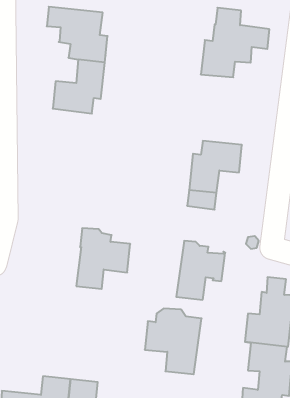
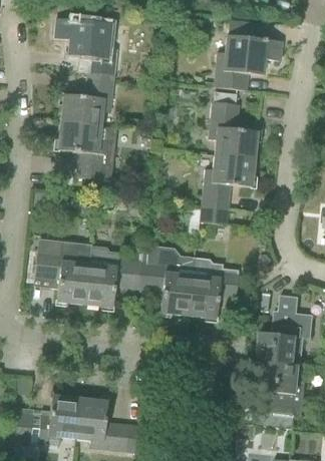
building: none -> [207,90,257,159]
building: none -> [57,122,115,180]
building: none -> [33,242,90,304]
building: [145,309,202,374] -> [136,248,195,315]

